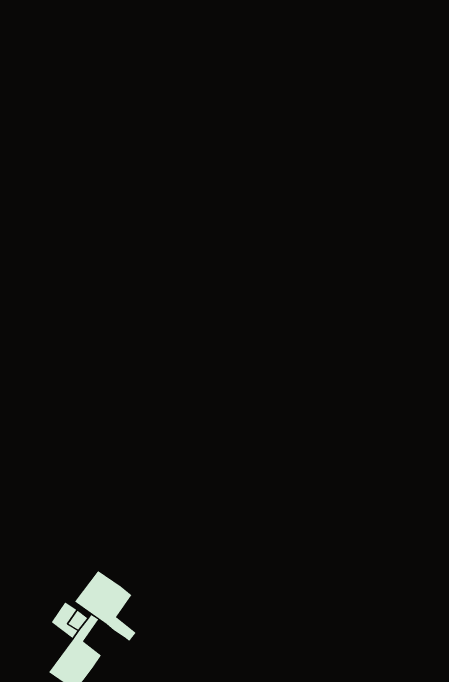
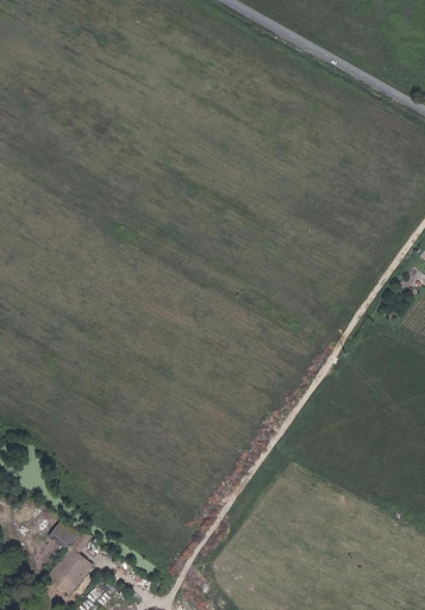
building: [74,570,137,642] -> none

